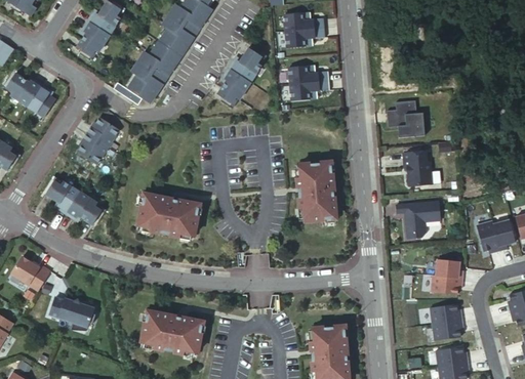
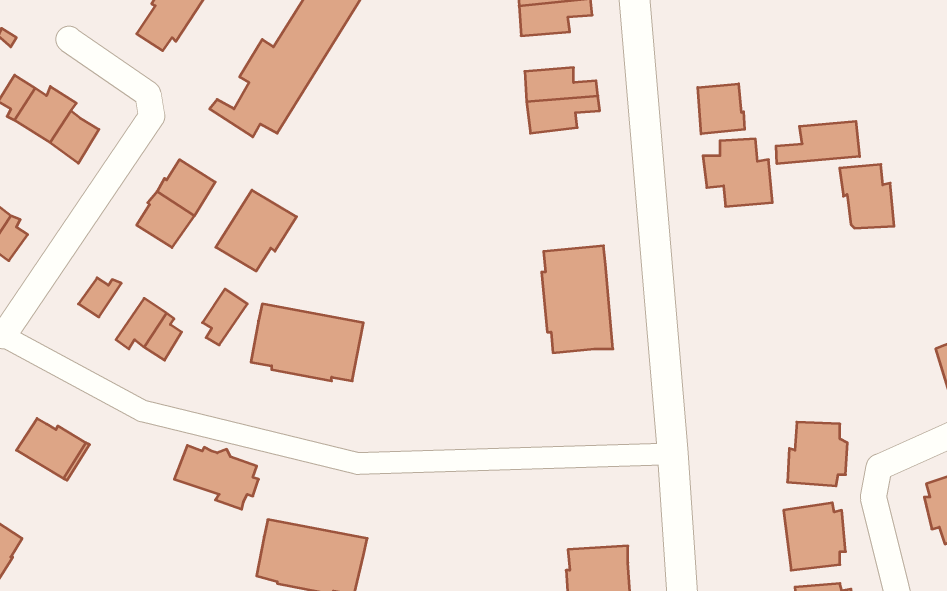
building: [219,43,266,100] -> none
building: none -> [698,84,745,134]
building: none -> [776,121,860,164]
building: none -> [216,190,297,271]
building: [402,154,432,188] -> [840,164,894,228]
building: [55,182,80,213] -> [202,289,247,345]
building: [396,205,440,242] -> none
building: [473,221,514,253] -> none
building: [48,296,94,331] -> [174,445,259,509]

